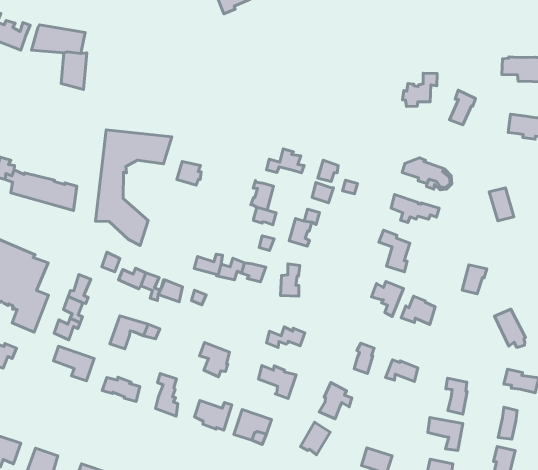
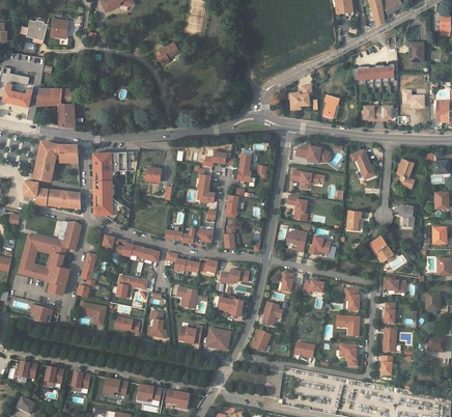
building: none -> [33,141,79,182]
building: none -> [56,222,81,249]
building: none -> [174,258,217,276]

